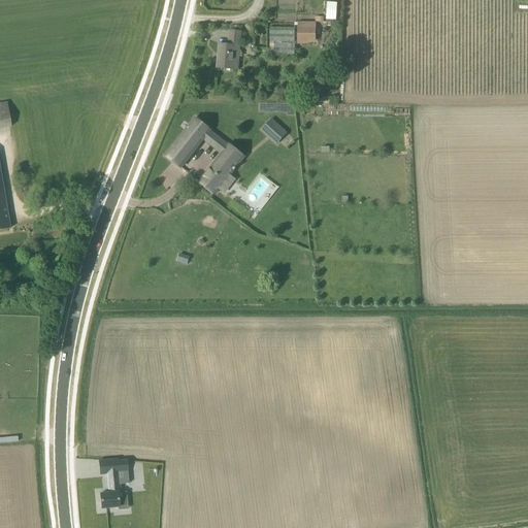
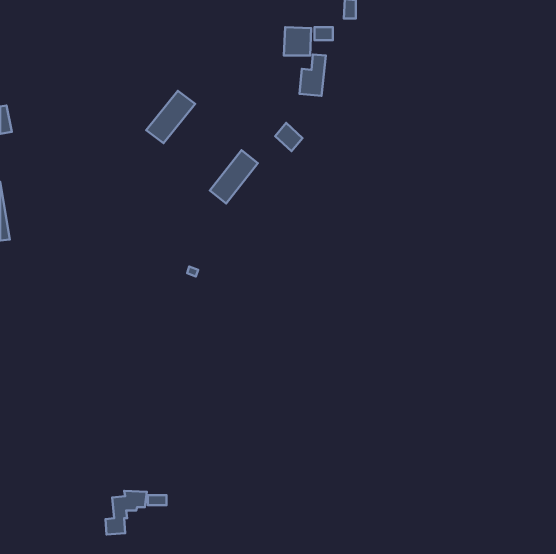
building: [217,29,241,68] -> [300,55,326,96]
building: [165,117,211,166] -> [146,91,195,143]

